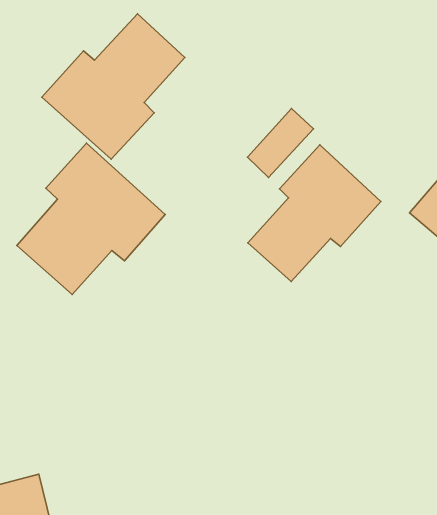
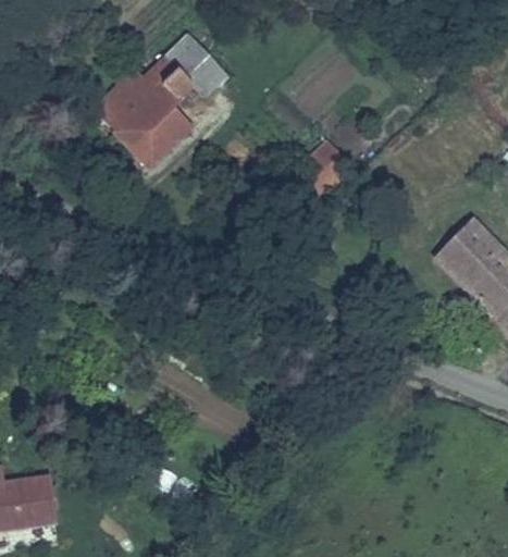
building: [17,143,165,294] -> none
building: [248,145,381,281] -> none

